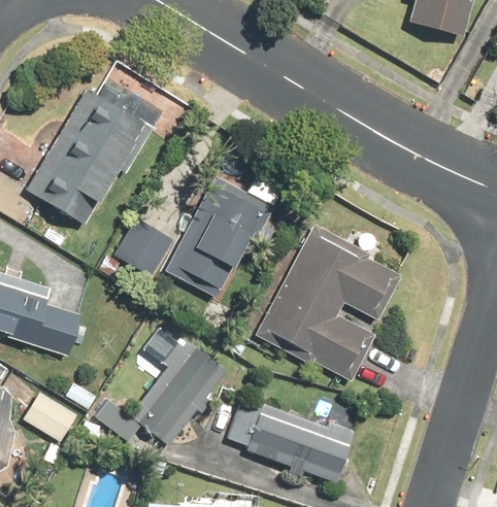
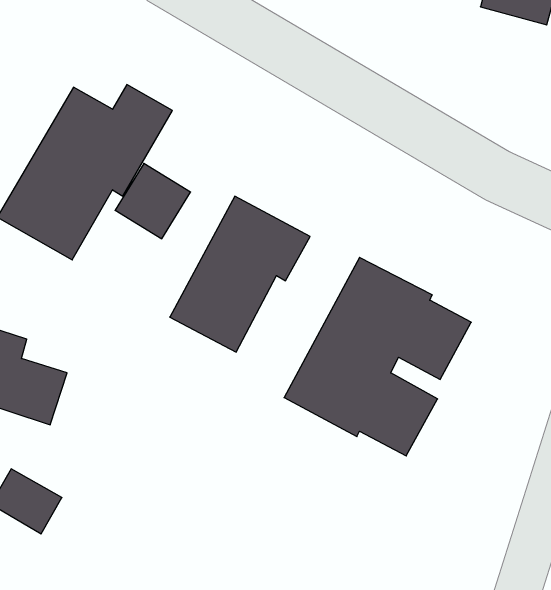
building: [113,217,173,277] -> [115,163,191,239]
building: [95,340,226,444] -> none
building: [231,403,355,482] -> none

